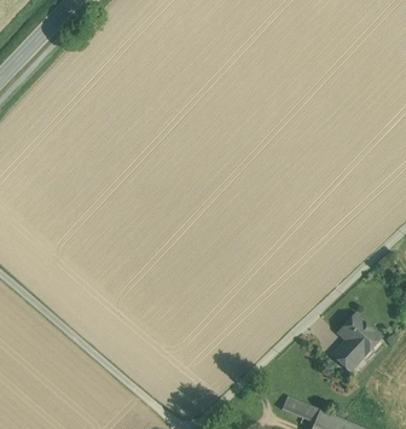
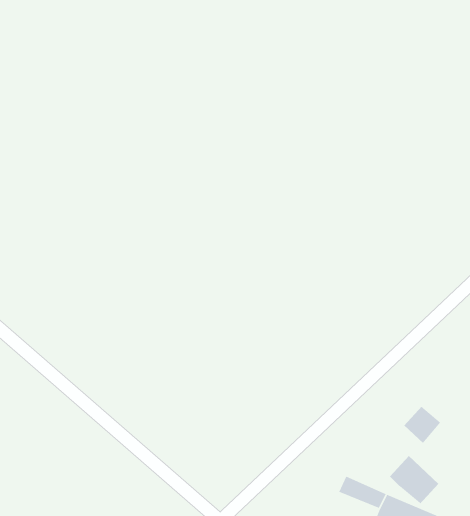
building: [340,315,379,355] -> [389,455,439,505]

